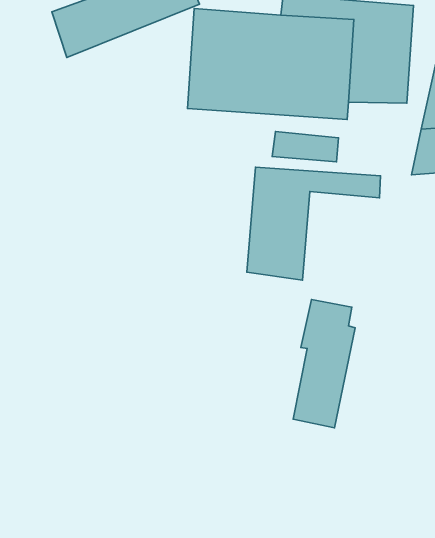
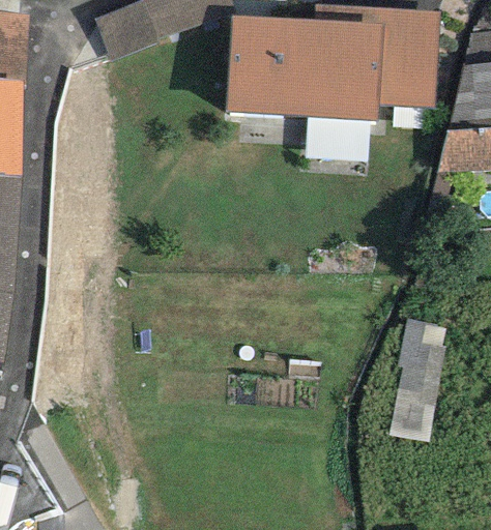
building: [247,167,381,280] -> none
building: [293,300,355,428] -> [388,320,447,442]

